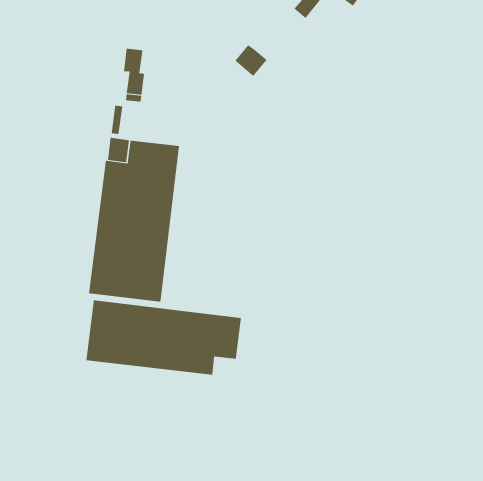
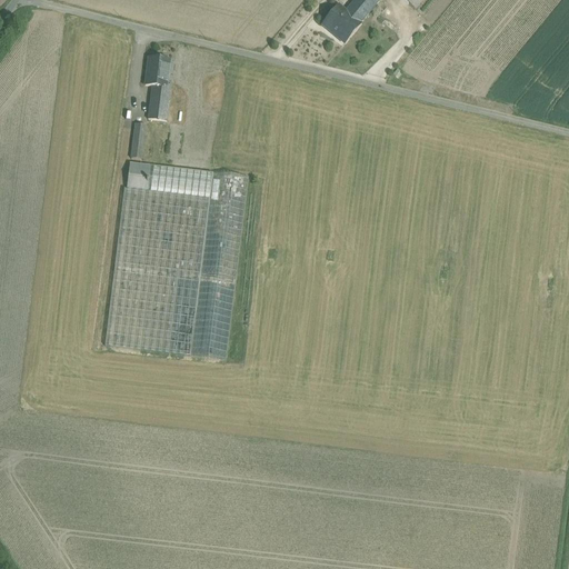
building: [235,45,268,77] -> [321,4,360,42]
building: none -> [189,171,248,359]
building: [86,300,242,375] -> none

